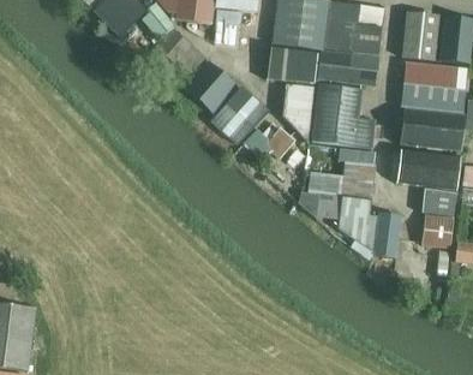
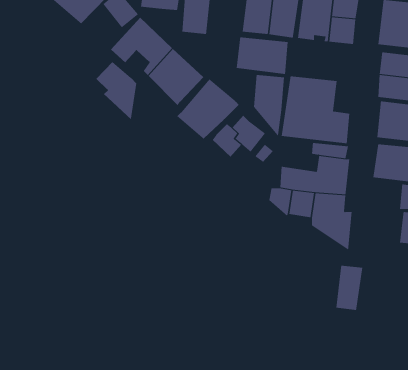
building: [317,49,379,88] -> none
building: none -> [95,61,137,120]
building: [376,210,402,254] -> [336,265,363,310]

